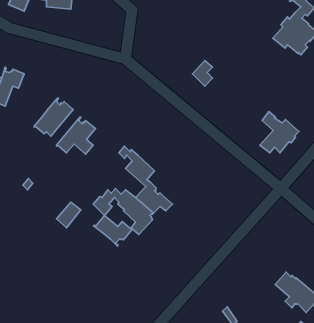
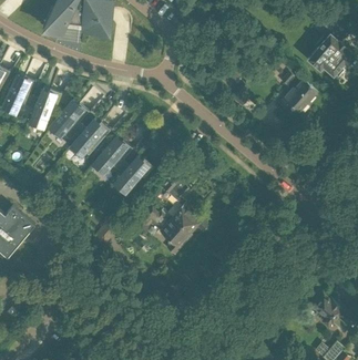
building: none -> [49,101,88,141]
building: [260,112,299,153] -> [278,72,317,113]
building: none -> [114,156,153,192]
building: [94,215,132,246] -> none

